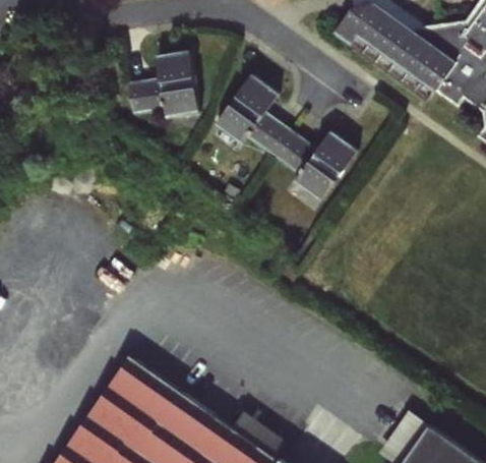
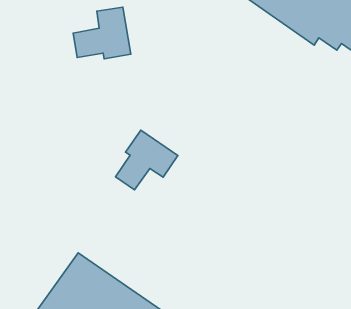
building: [215,73,357,198] -> none
building: none -> [116,130,178,190]

